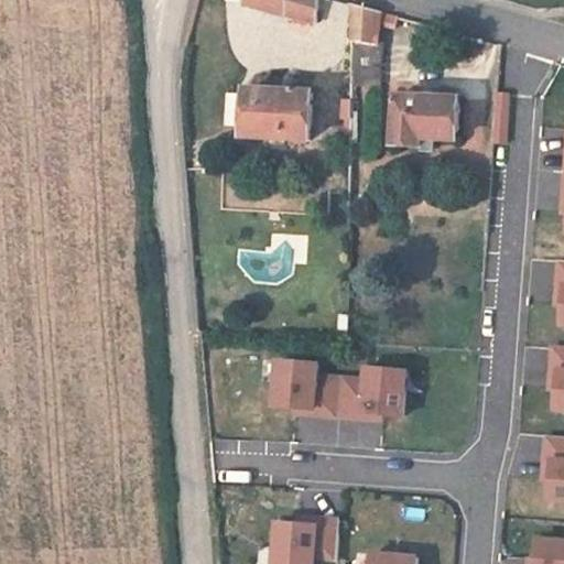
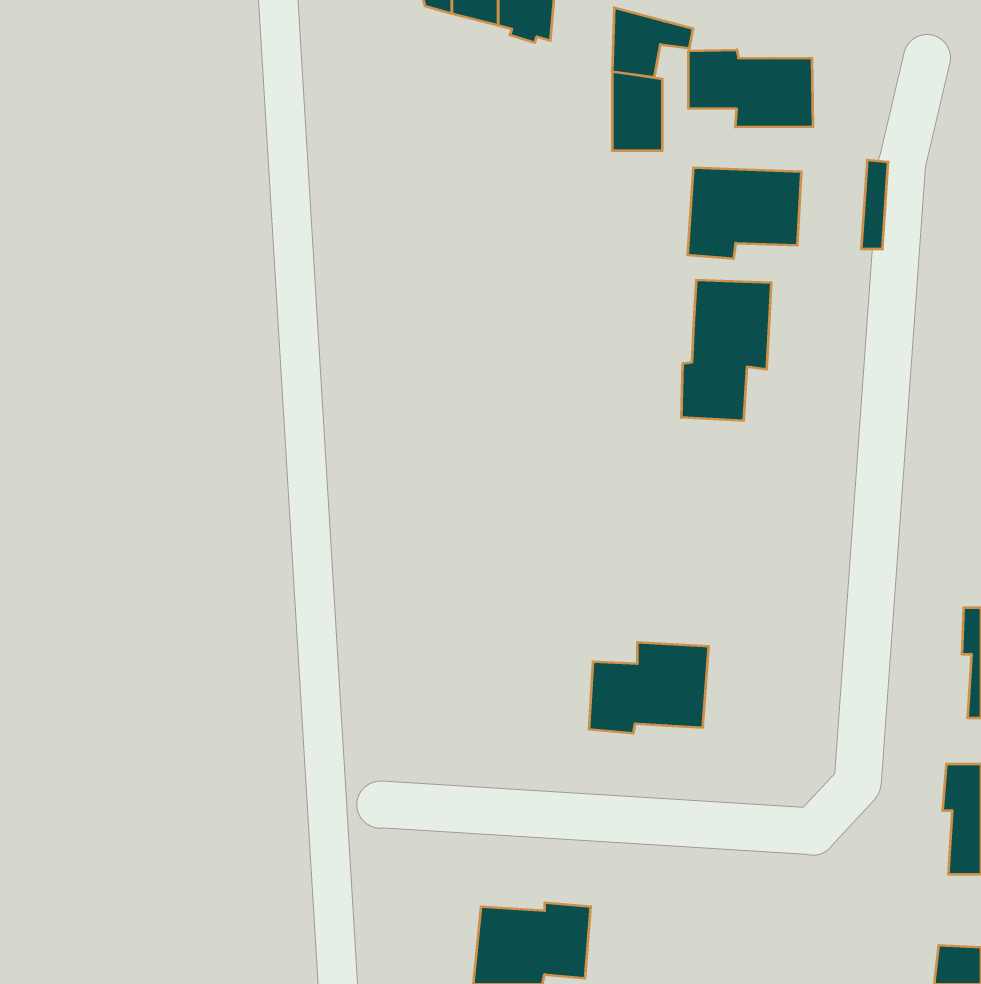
building: none -> [689,50,813,127]
building: [243,89,311,140] -> none
building: none -> [681,280,771,421]
building: [272,361,338,416] -> none

